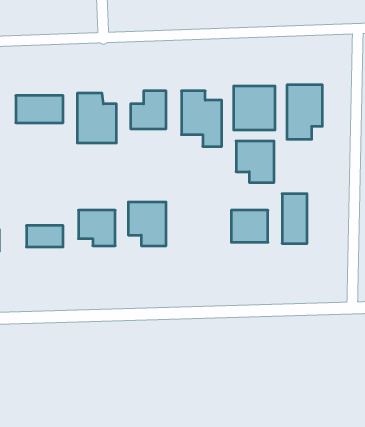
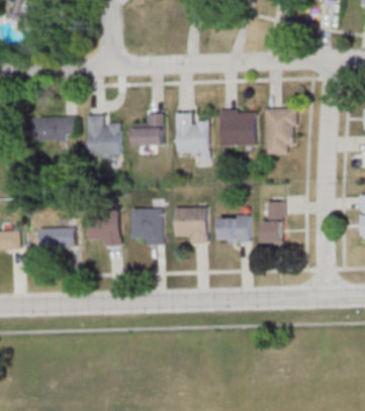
building: [236,141,274,182] -> [174,208,206,243]

